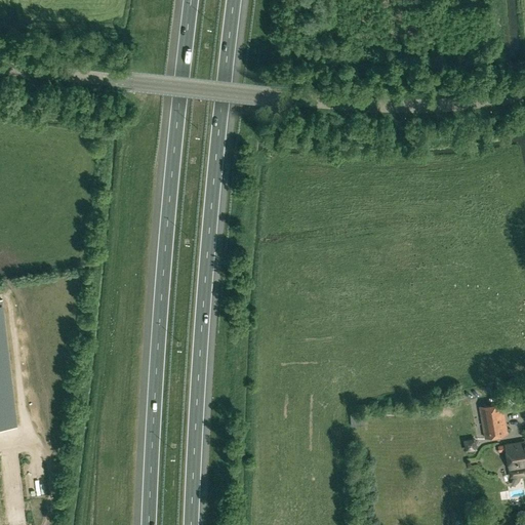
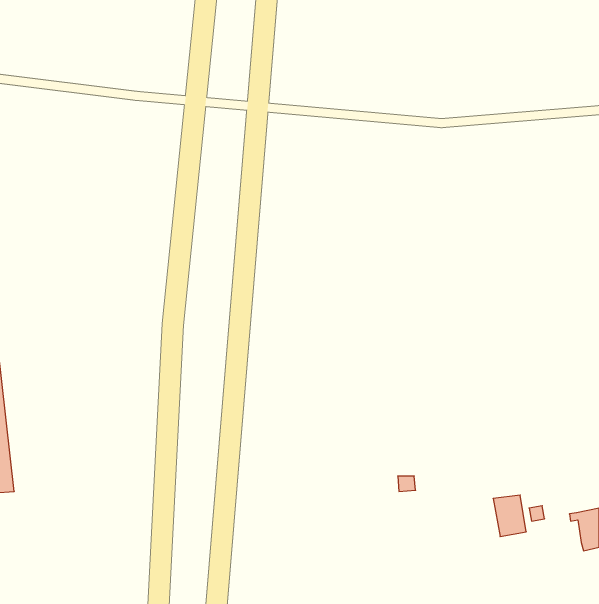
building: [474,403,502,439] -> [493,495,526,537]

